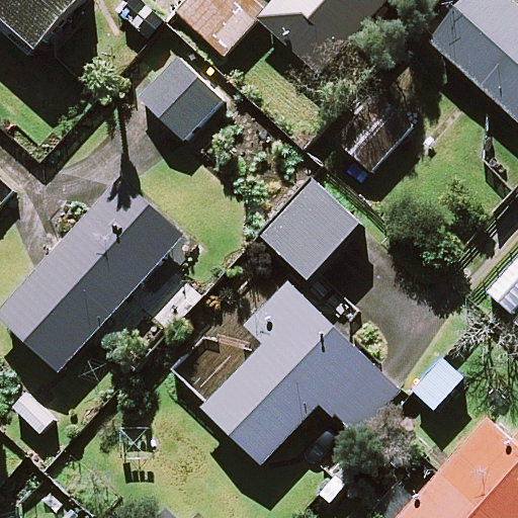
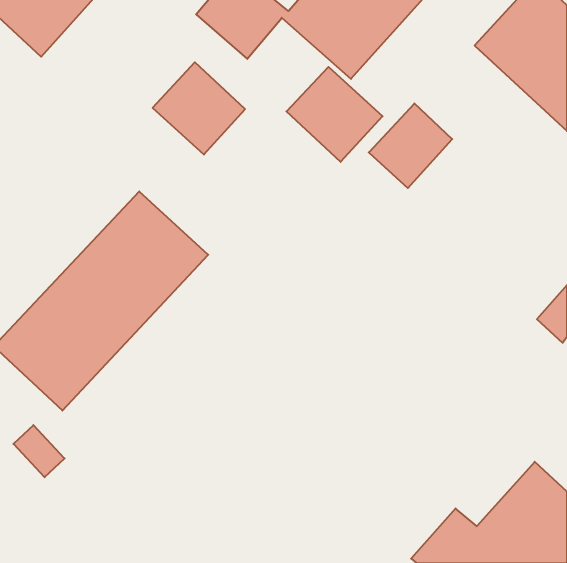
building: none -> [286,67,383,162]
building: [258,180,360,281] -> none
building: [203,283,397,463] -> none

